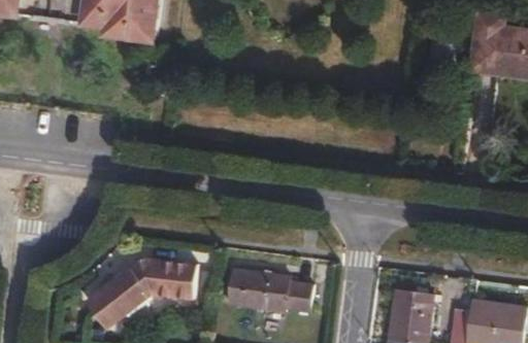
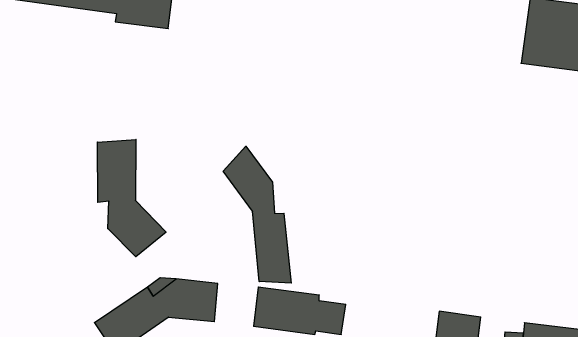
building: none -> [97,139,166,257]
building: none -> [223,146,291,283]

